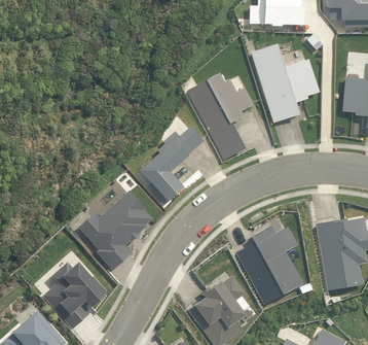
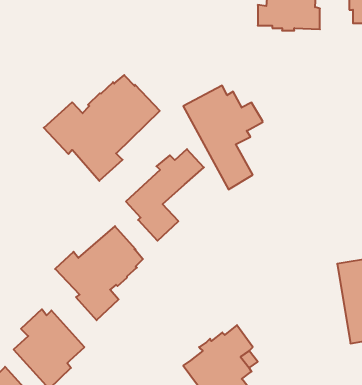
building: [251,43,320,123] -> none
building: none -> [44,75,160,181]
building: [236,226,303,304] -> none

